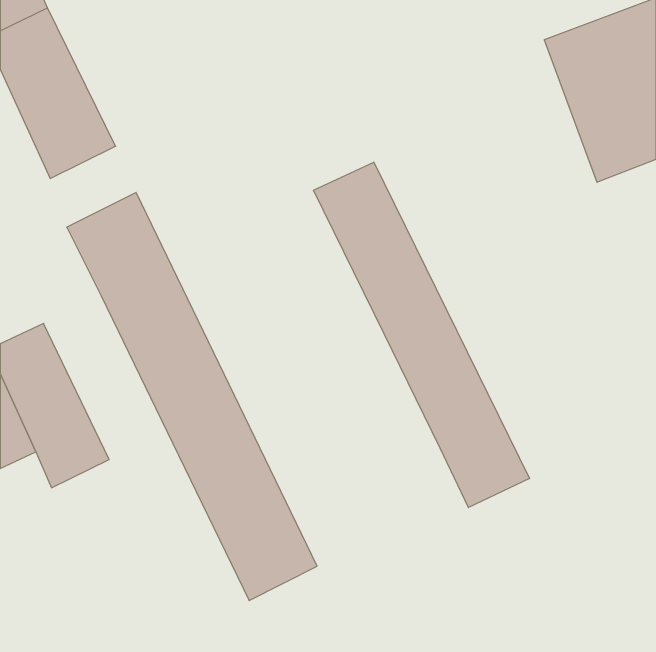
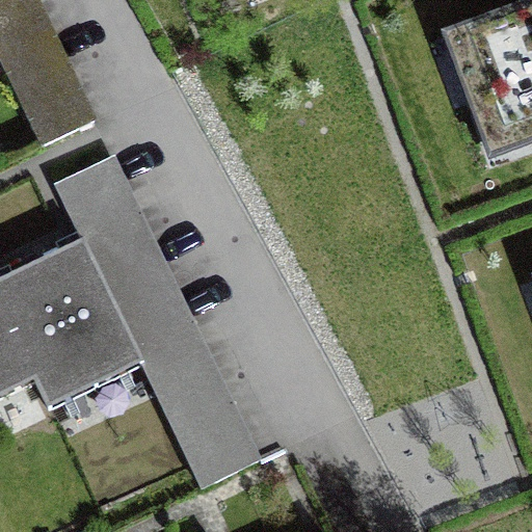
building: [314,162,529,508] -> none
building: none -> [35,240,135,372]

